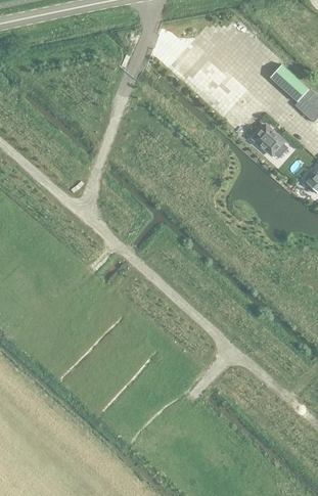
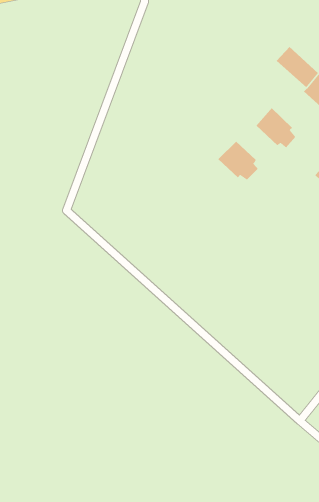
building: none -> [217,141,259,181]

